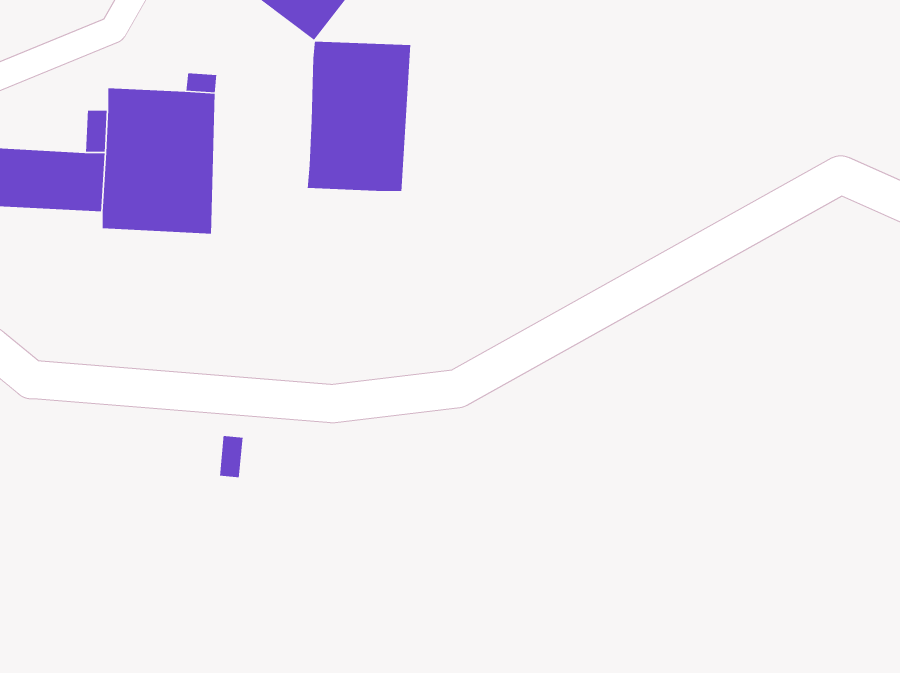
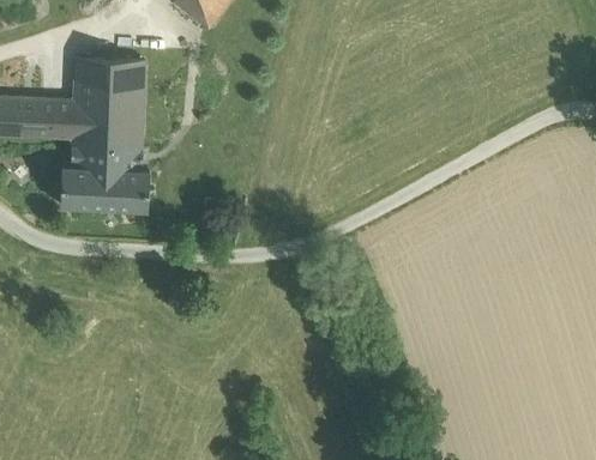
building: [307,41,411,192] -> none
building: none -> [61,150,150,210]

